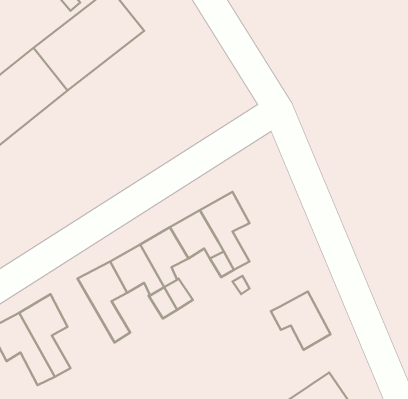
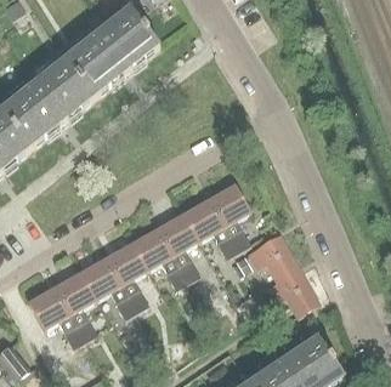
building: none -> [246,232,299,281]
building: none -> [79,257,134,318]

